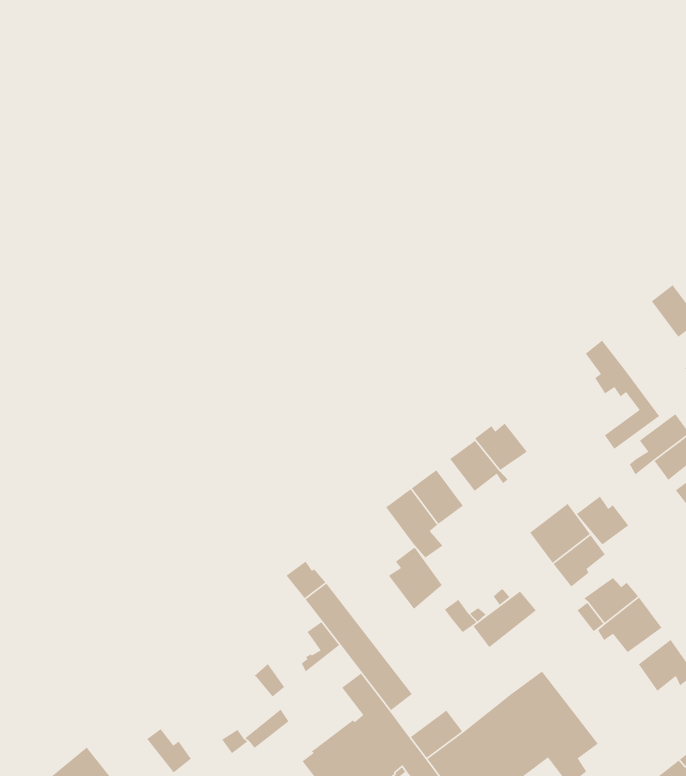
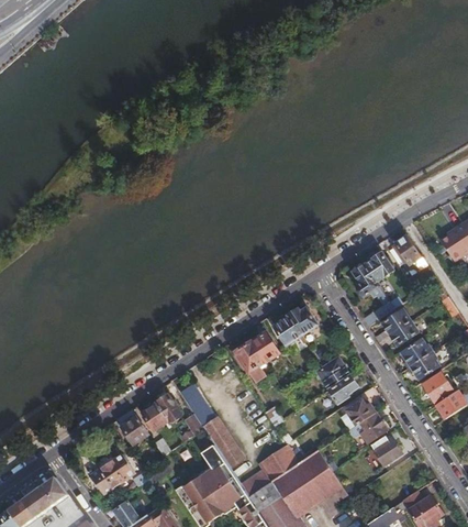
building: none -> [365,252,393,281]
building: [576,495,629,546] -> none
building: [388,547,443,610] -> none
building: none -> [142,394,181,430]
building: [472,590,537,648] -> [261,450,299,482]
building: none -> [116,408,148,446]
building: none -> [98,453,135,487]

